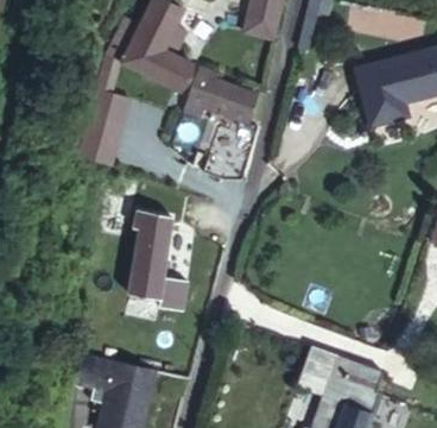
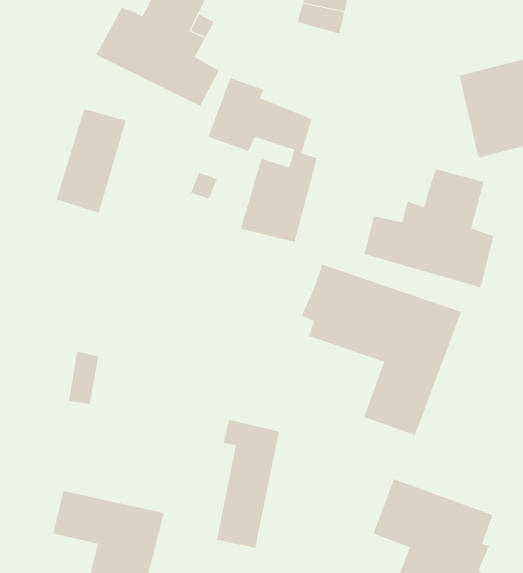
building: none -> [364,168,494,288]
building: none -> [301,264,462,436]
building: [128,210,172,300] -> [216,419,280,549]

